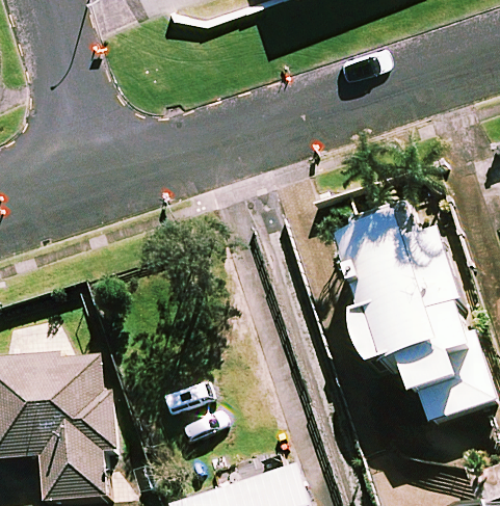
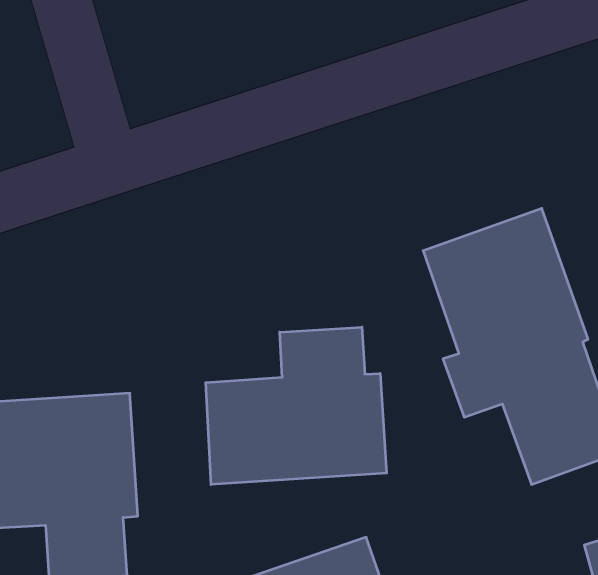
building: none -> [206,327,387,485]

